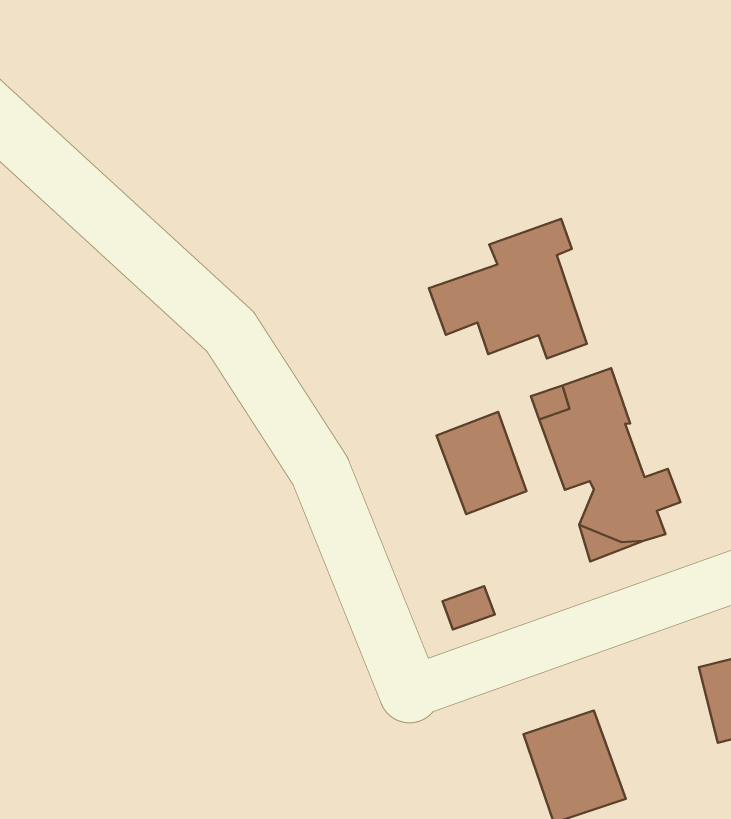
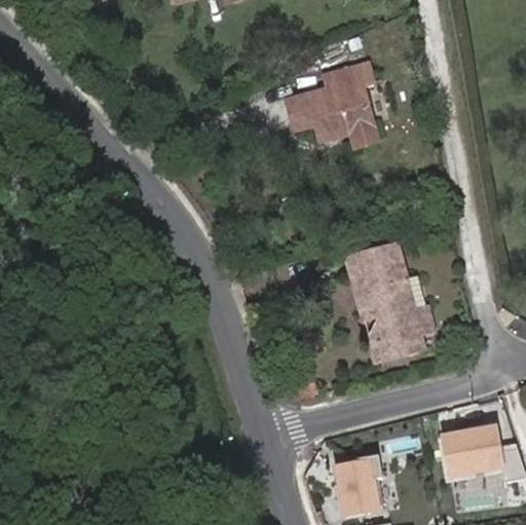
building: [429,219,587,359] -> [286,65,378,148]
building: [437,412,527,514] -> none

